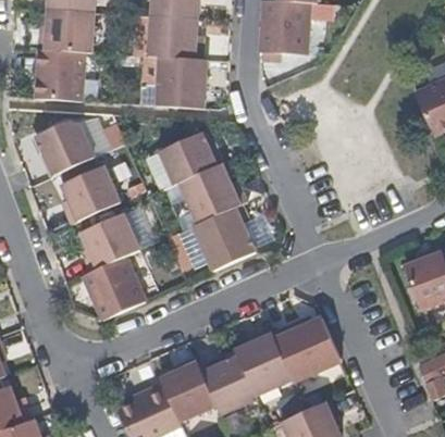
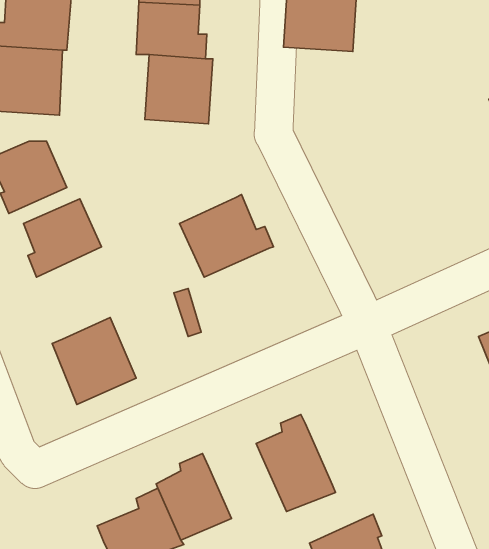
building: [156,133,221,186] -> none
building: [197,201,259,267] -> none
building: [83,211,139,270] -> none
building: [273,319,339,379] -> none
building: [200,355,259,414] -> none

